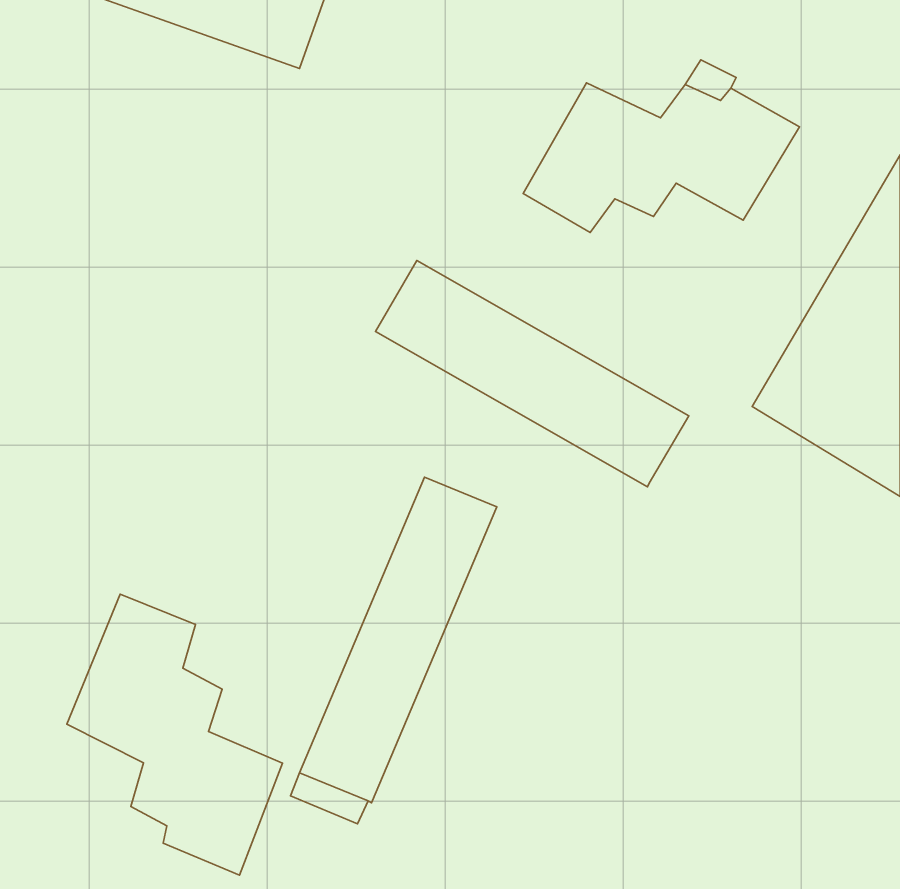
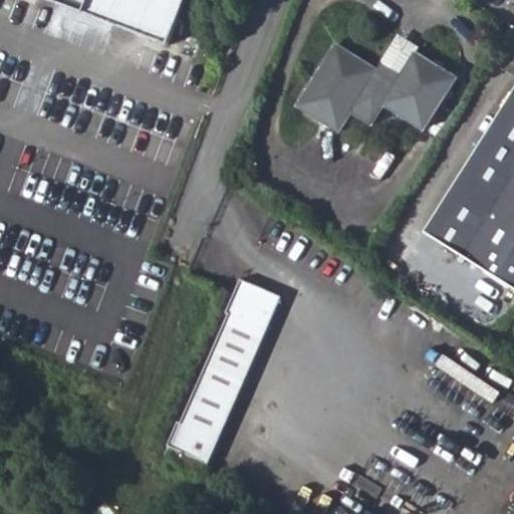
building: [376,260,689,487] -> none
building: [67,594,282,875] -> none

